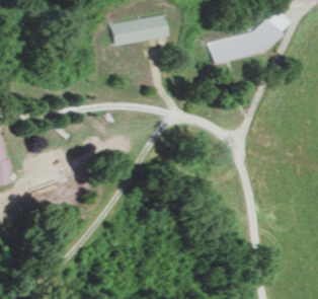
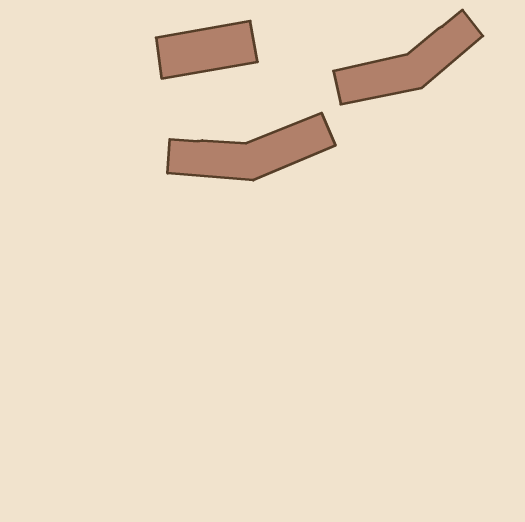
building: none -> [168,113,335,180]

